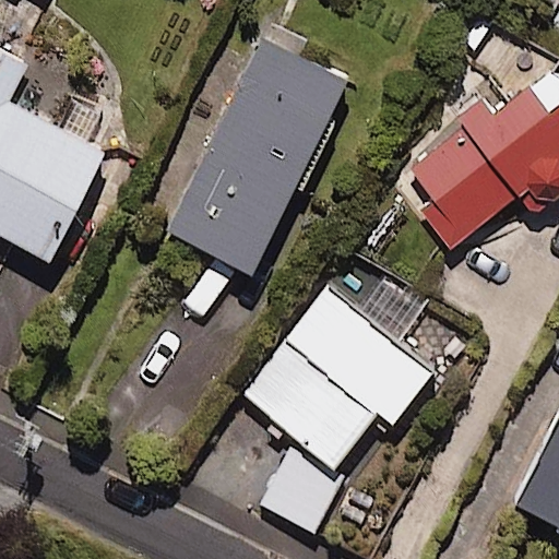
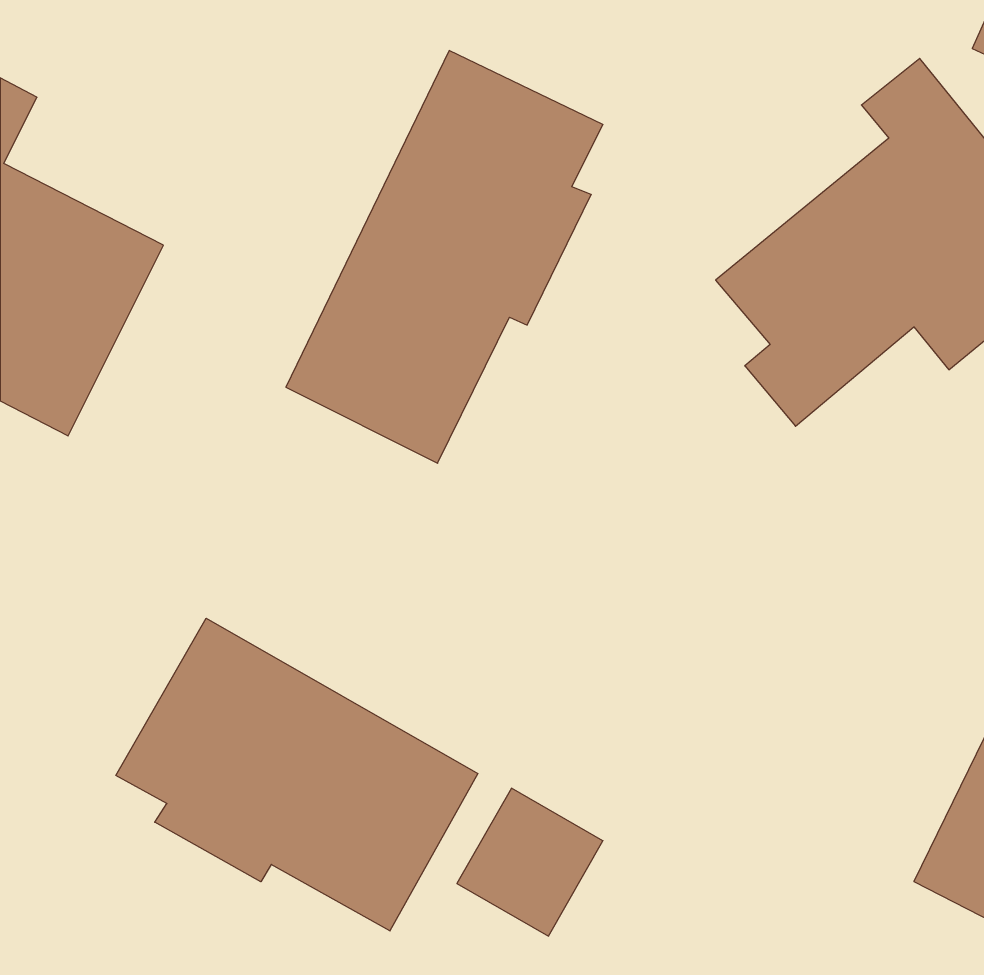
building: [249,295,429,465] -> none
building: none -> [116,618,478,931]

